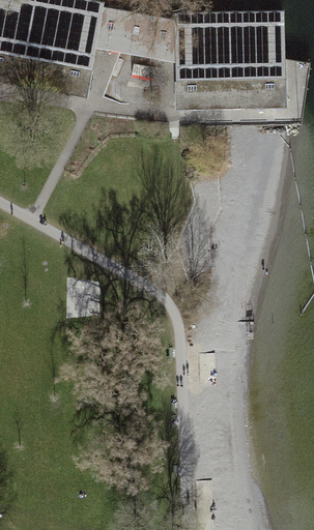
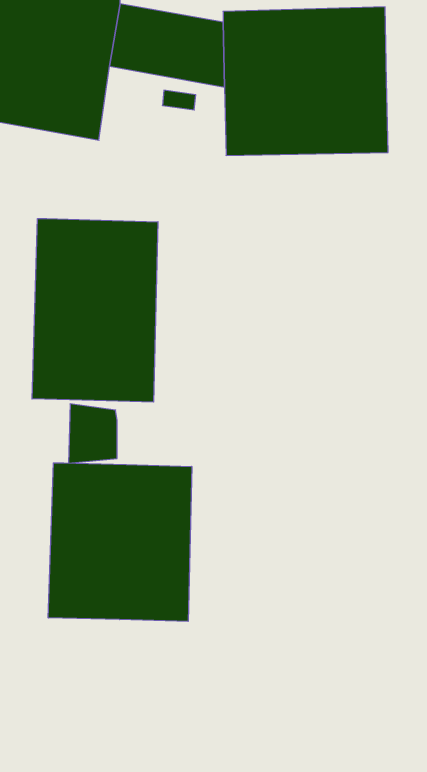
building: none -> [32,219,158,402]
building: none -> [48,463,192,621]

